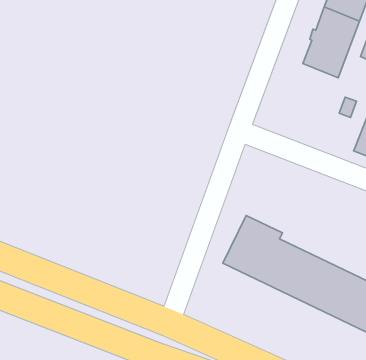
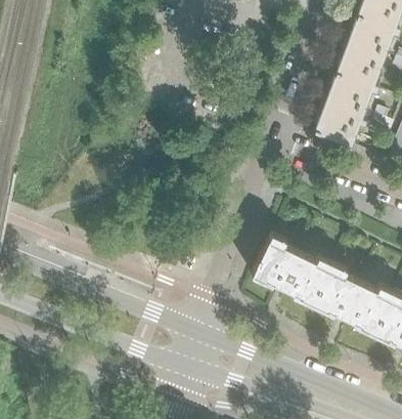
building: none -> [313,78,370,150]

